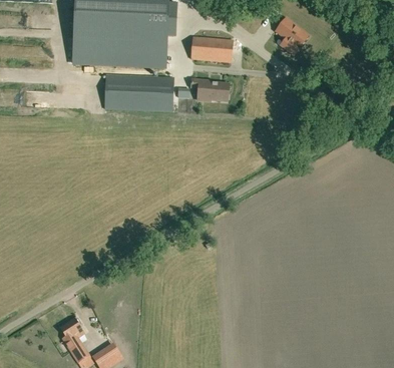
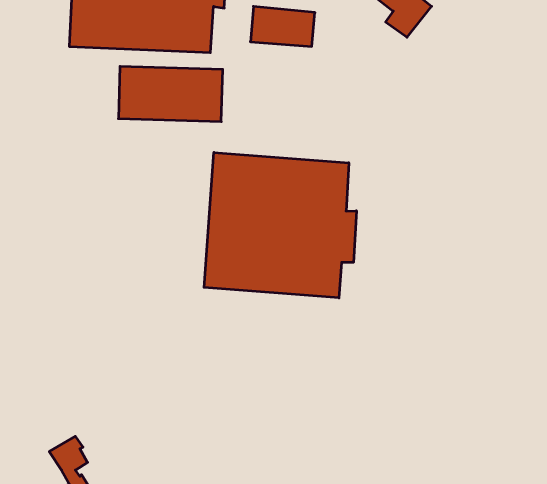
building: [190,78,229,100] -> none
building: none -> [204,152,356,298]

